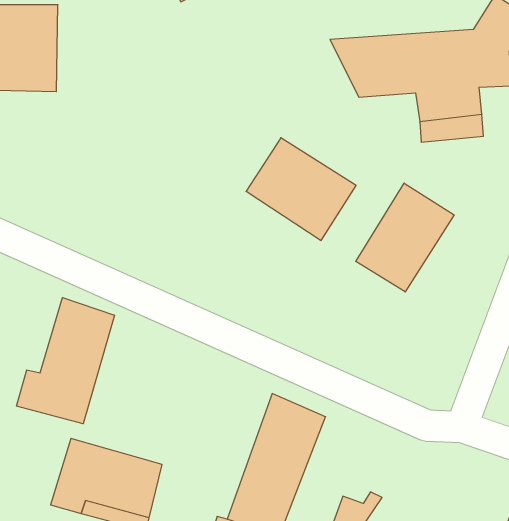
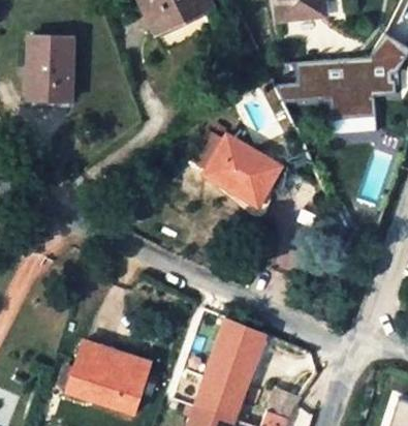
building: [356,183,454,292] -> none
building: [16,298,114,424] -> none

